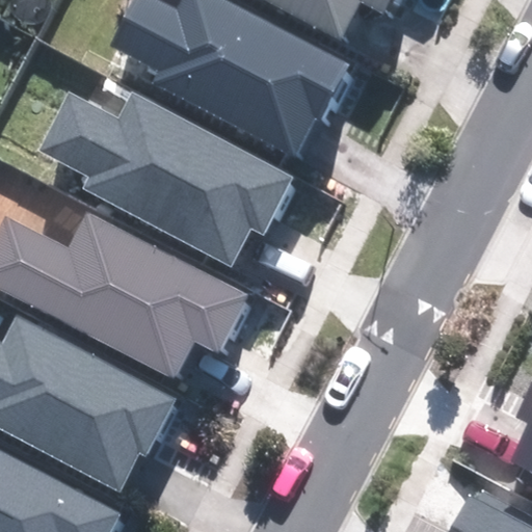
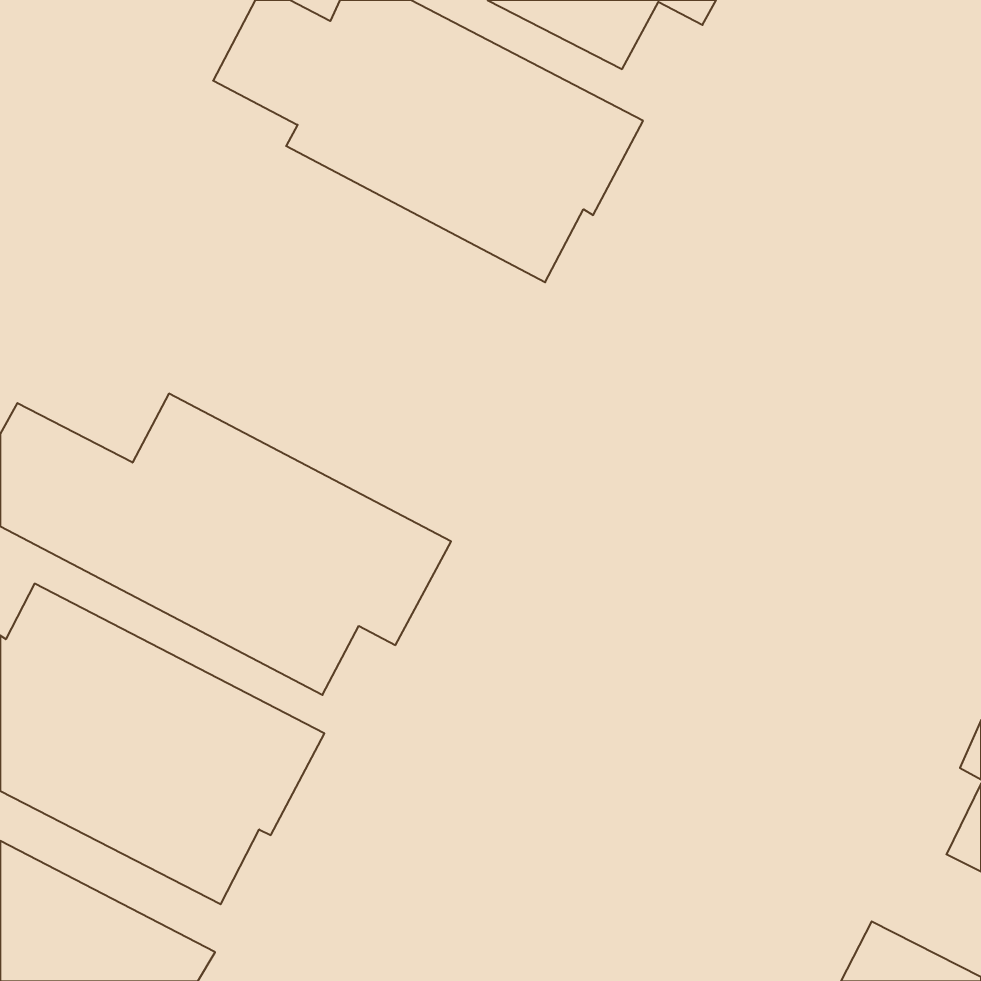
building: [38,95,290,264] -> none

